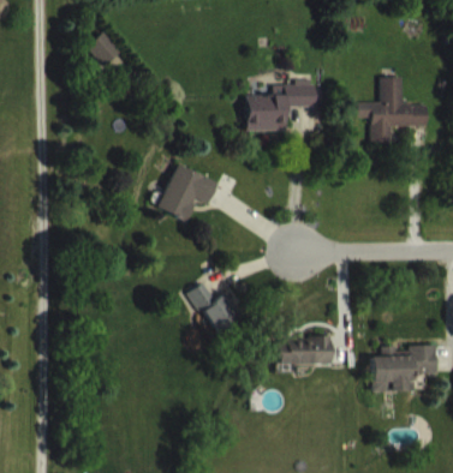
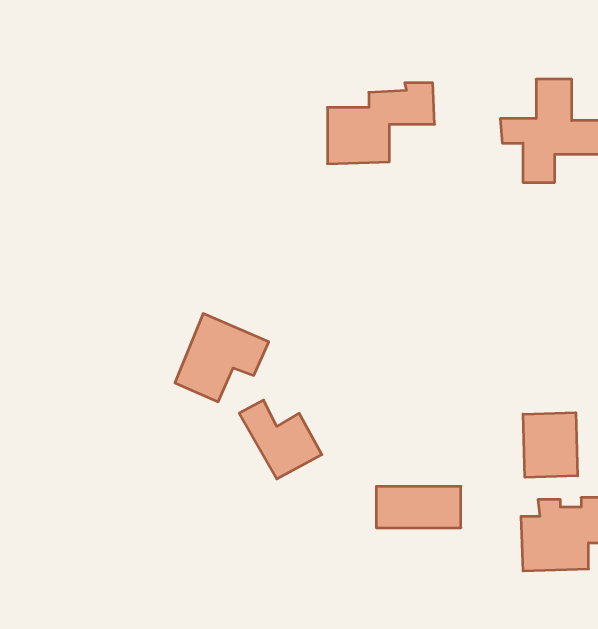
building: [87,31,121,66] -> none
building: [160,163,220,220] -> [175,314,269,402]
building: none -> [523,413,578,477]

